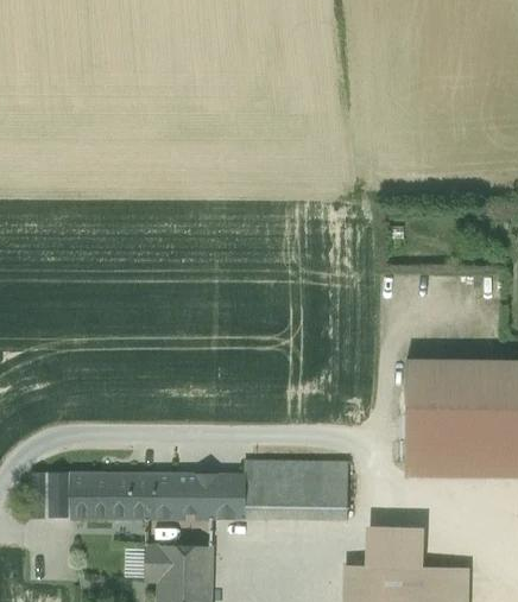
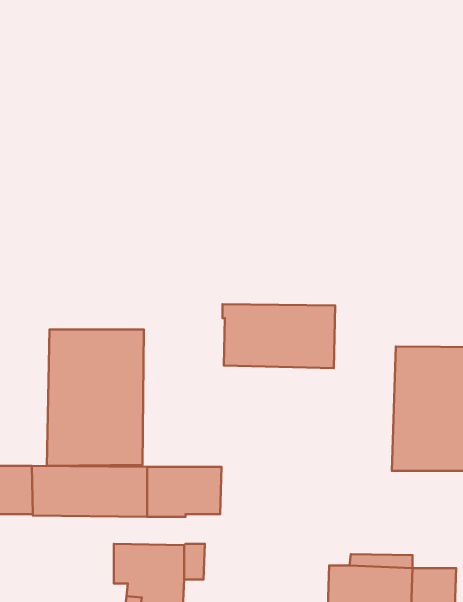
building: none -> [47,329,144,466]
building: [244,460,348,519] -> [222,304,335,368]
building: [366,528,424,555] -> none

